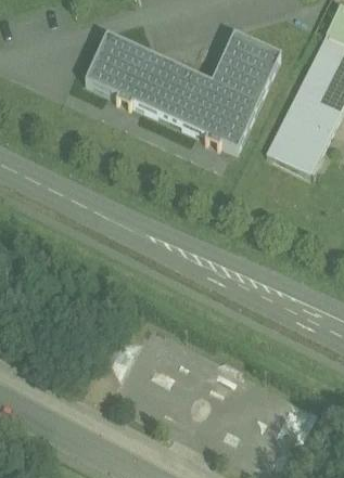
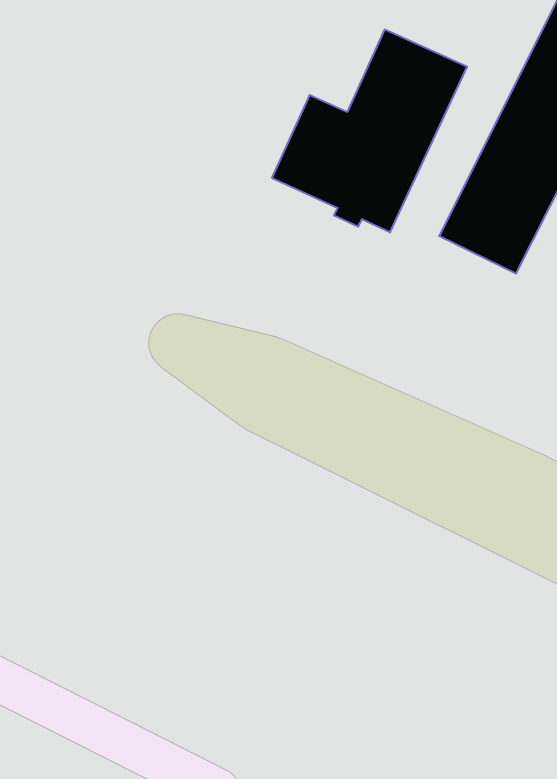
building: [86,34,191,119] -> none

